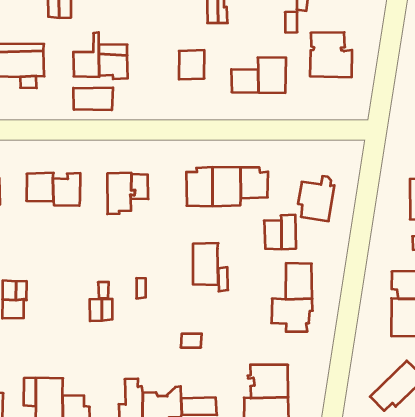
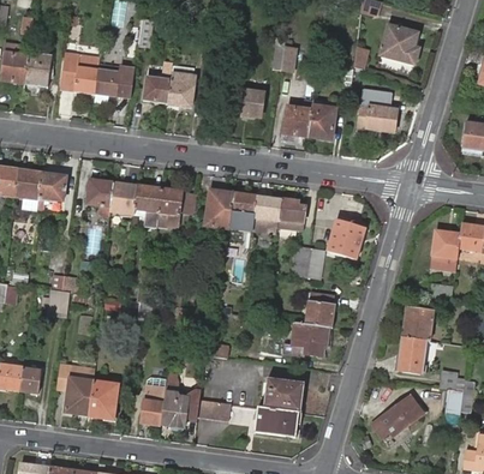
building: [73,88,113,110] -> none
building: none -> [136,185,163,229]
building: [193,243,219,285] -> [208,190,235,229]

